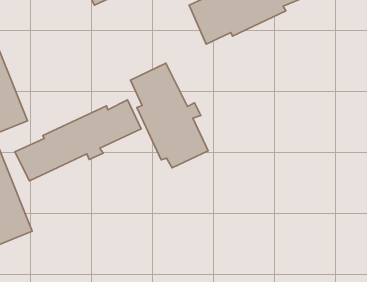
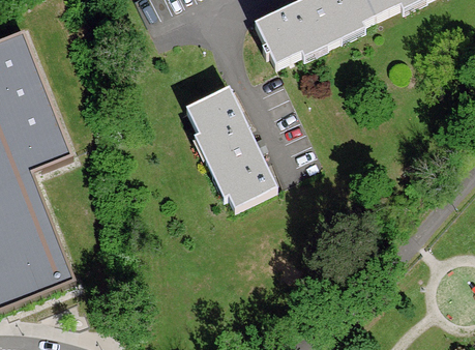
building: [15,100,141,181] -> none

